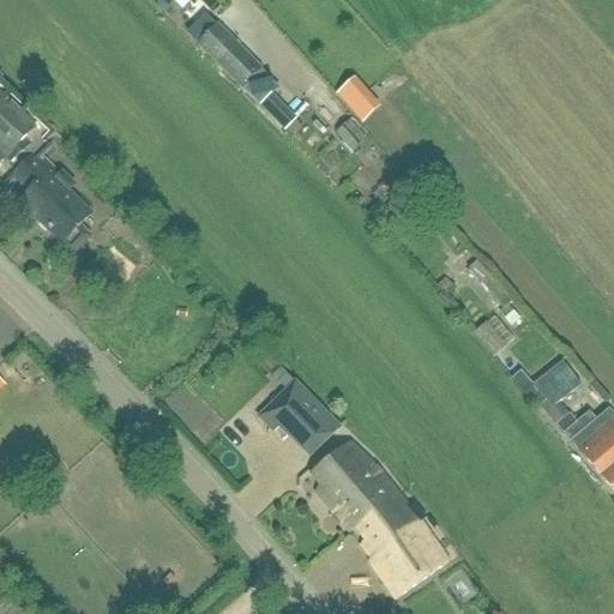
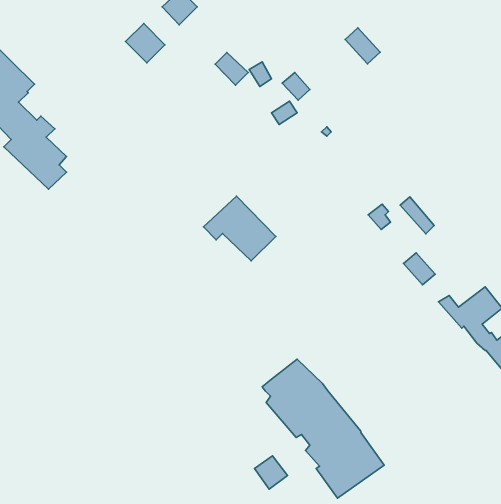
building: [217,41,261,85] -> [126,24,165,63]
building: [337,77,377,118] -> [345,28,380,64]
building: [258,378,339,451] -> [203,196,276,261]
building: none -> [254,456,287,489]

